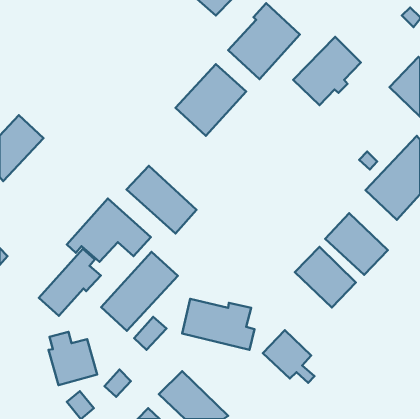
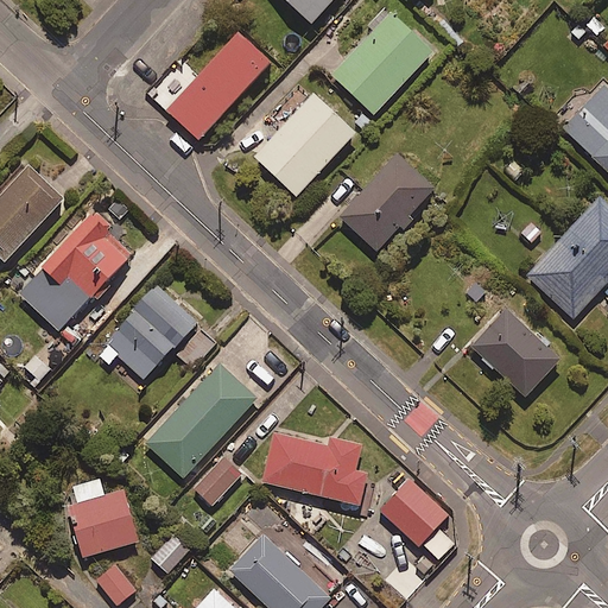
building: none -> [167,32,271,139]
building: [293,37,361,105] -> [338,152,436,251]
building: none -> [27,209,132,317]
building: [127,166,197,234] -> none
building: [295,247,356,308] -> none
building: [39,249,101,316] -> none

